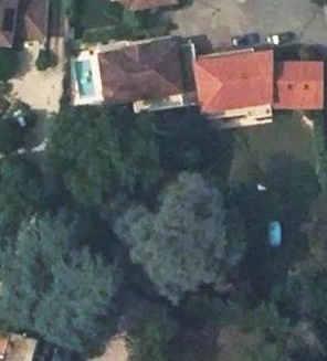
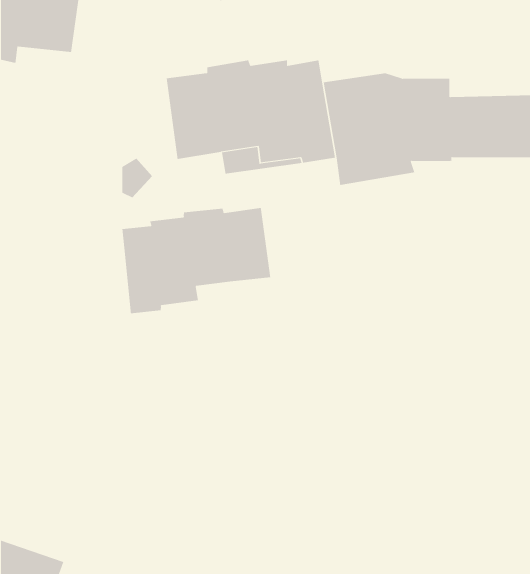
building: none -> [122,207,271,314]

